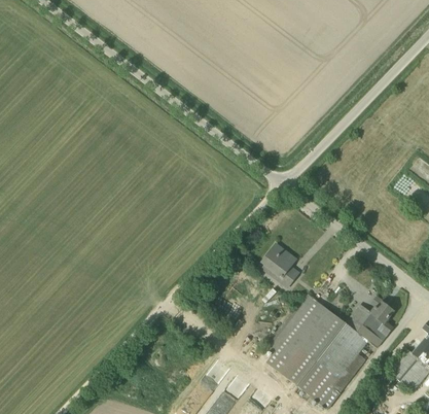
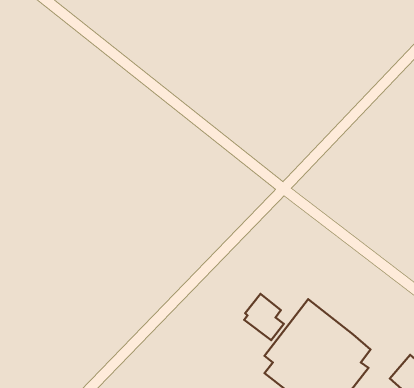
building: [261,243,299,287] -> [244,294,284,340]
building: [352,301,394,347] -> none

